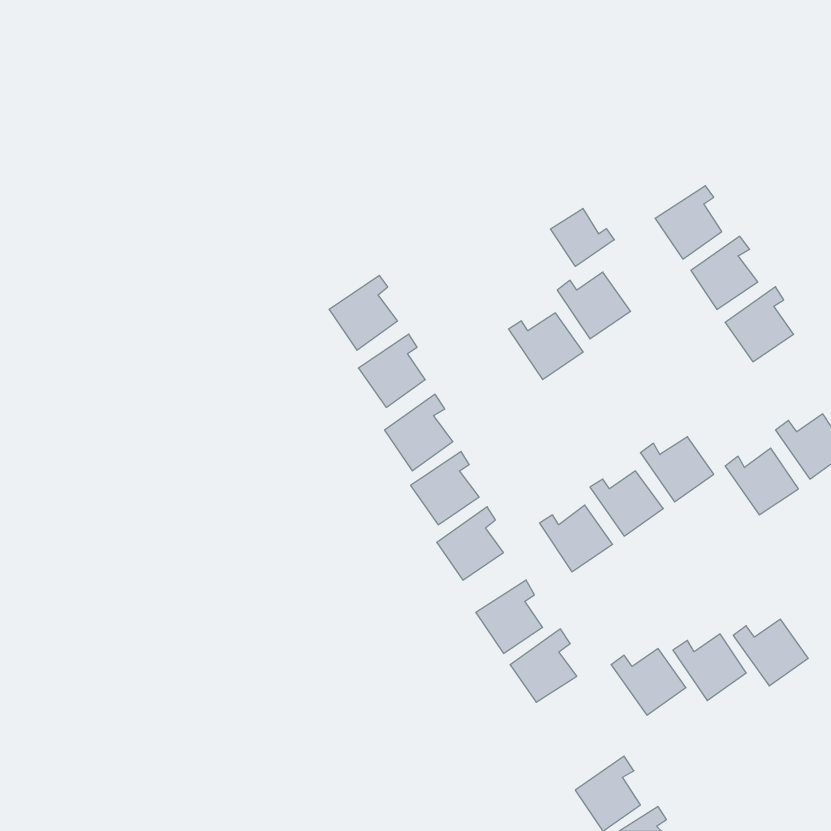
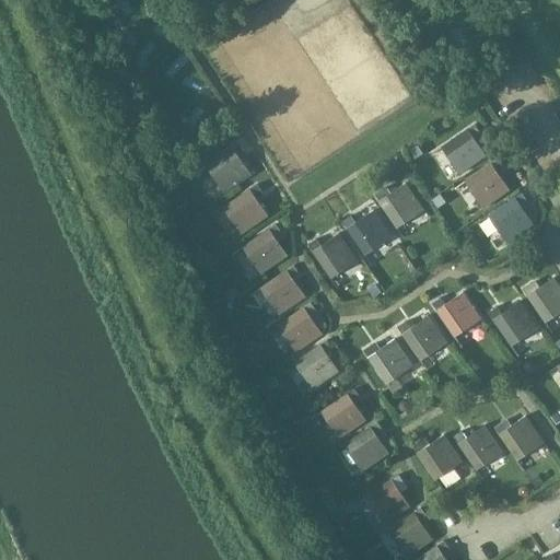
building: [550,208,614,266] -> none
building: none -> [206,143,250,192]
building: none -> [308,234,358,278]
building: none -> [364,476,408,524]

